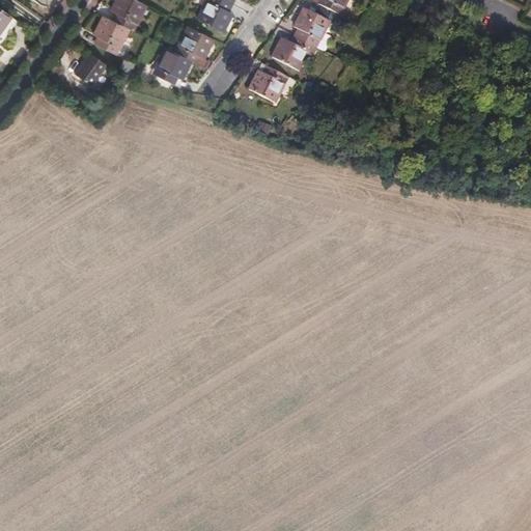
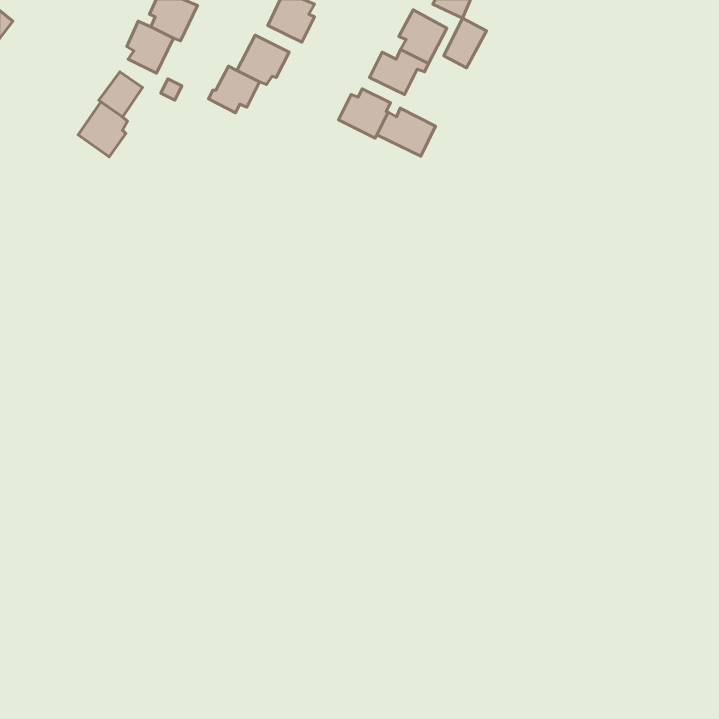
building: none -> [444,18,487,68]
building: none -> [78,102,127,157]
building: none -> [377,108,436,156]

